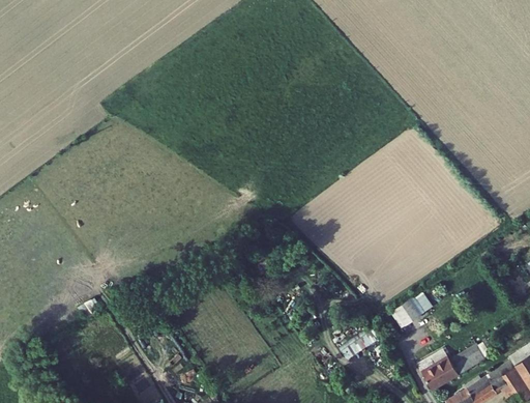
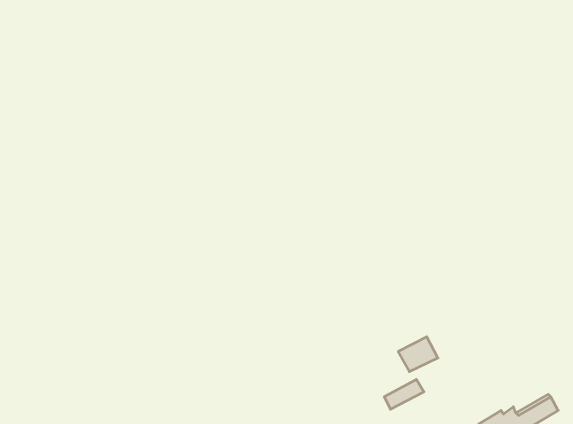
building: [392,296,425,325] -> [398,337,438,372]

